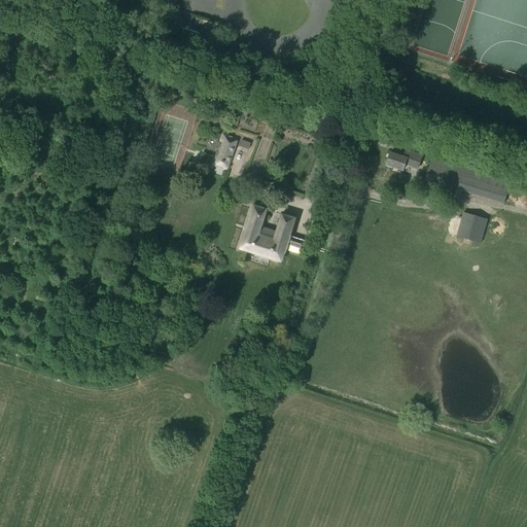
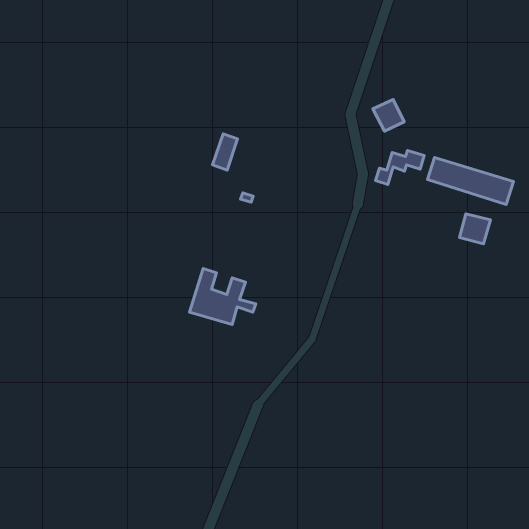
building: none -> [373,99,404,131]
building: [239,205,305,260] -> [190,269,256,325]

